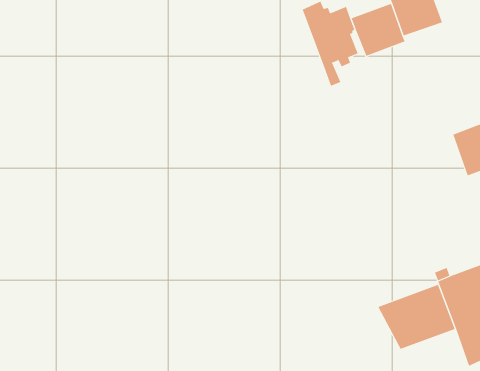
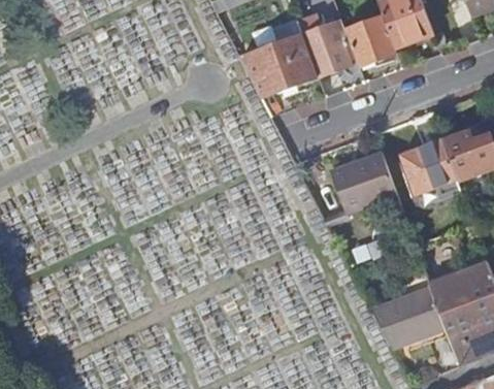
building: none -> [242,35,319,98]
building: none -> [403,142,462,201]
building: none -> [331,153,397,214]

